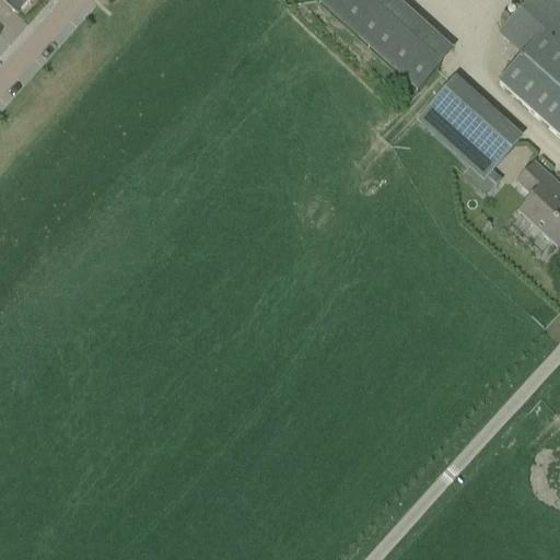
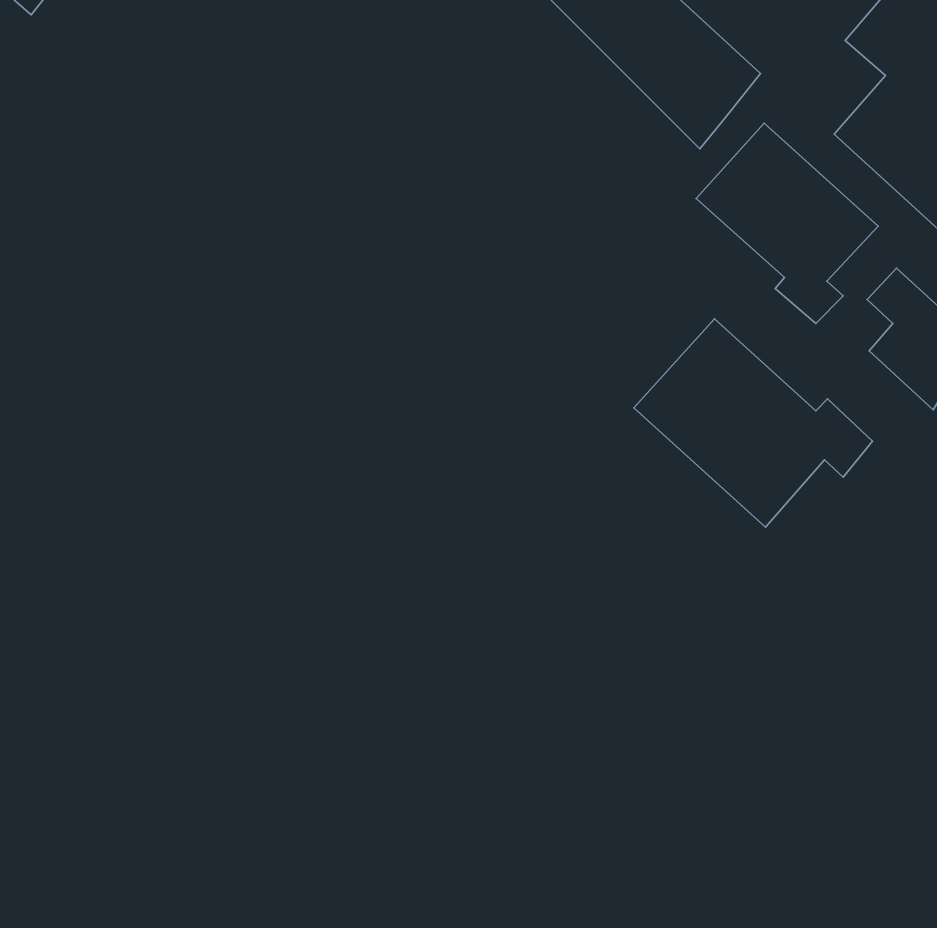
building: none -> [634,319,872,527]

